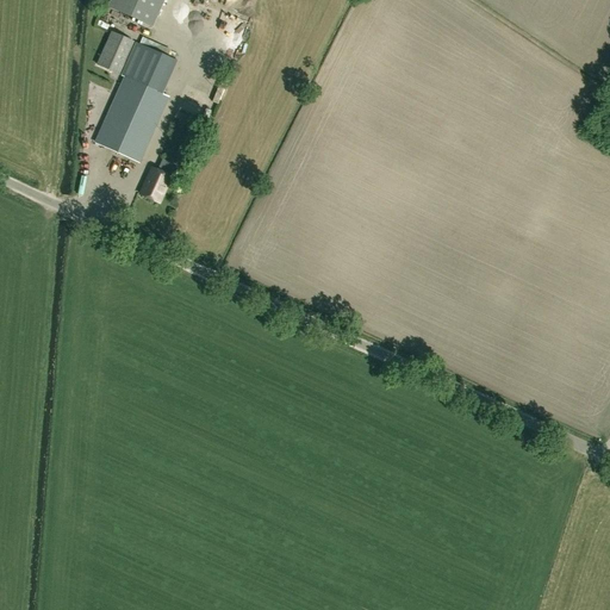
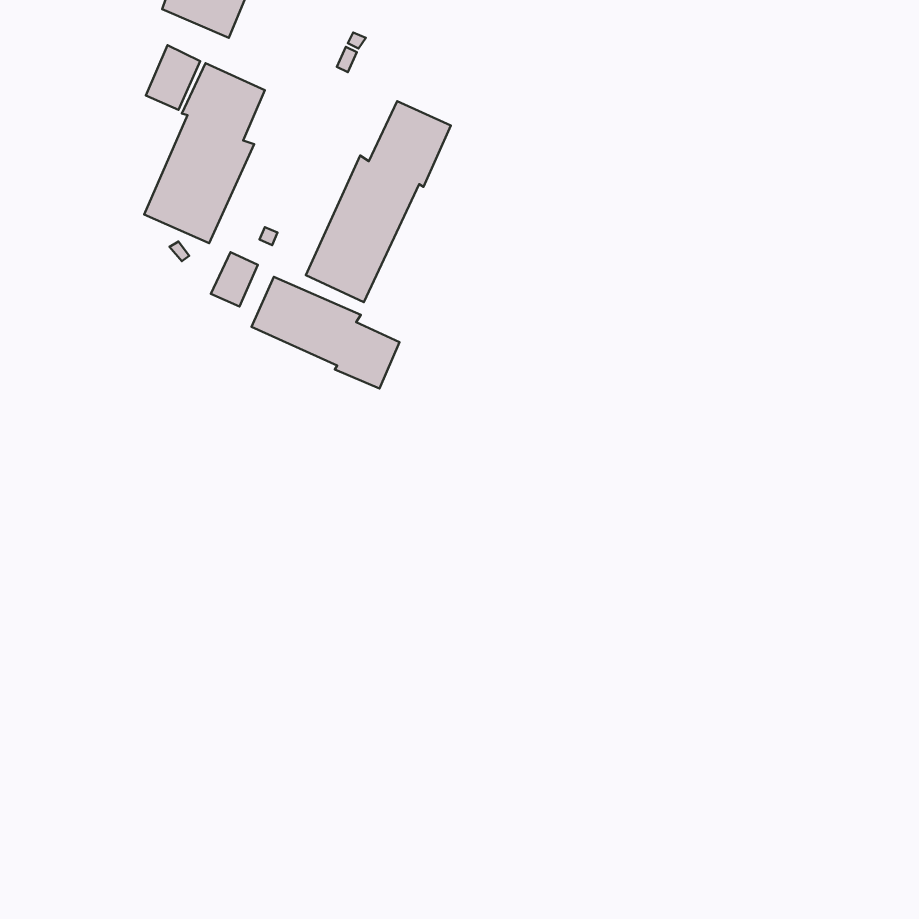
building: none -> [306,101,451,302]
building: none -> [251,277,400,389]

